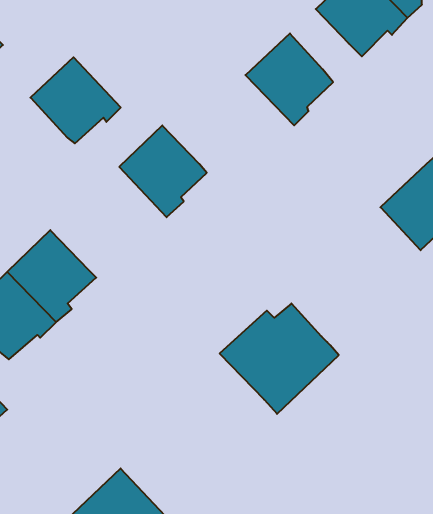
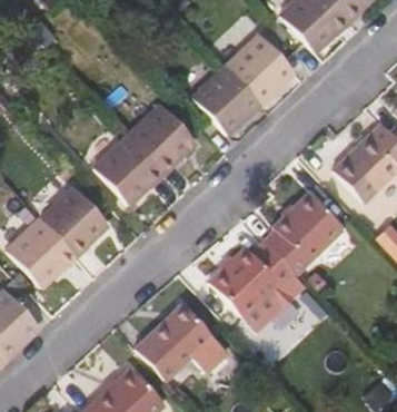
building: [30,57,121,143] -> [97,136,167,203]
building: none -> [195,65,266,134]
building: none -> [264,194,341,274]
building: none -> [136,306,227,381]

